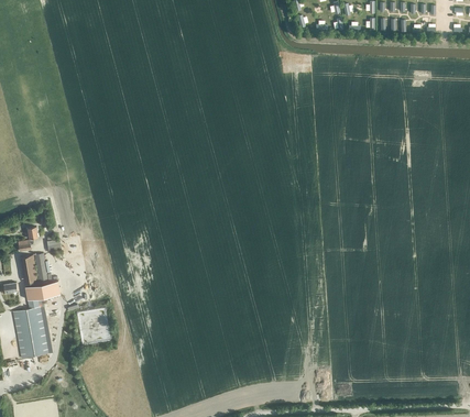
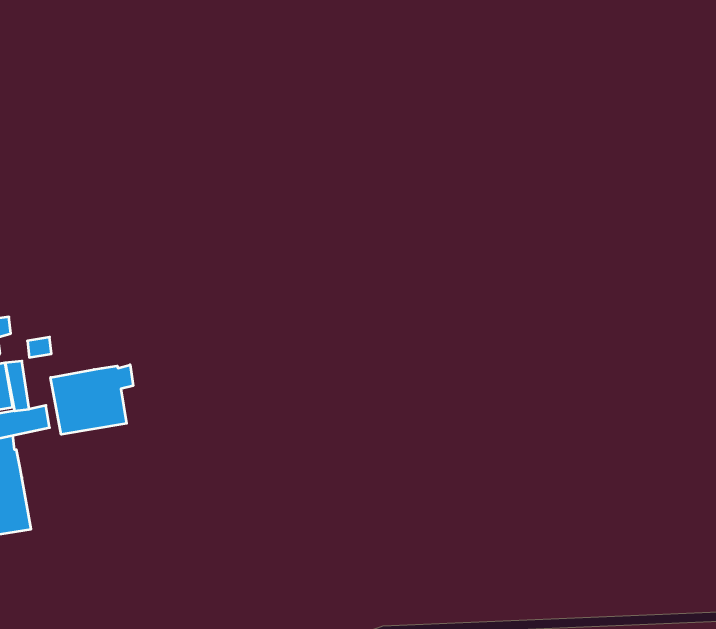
building: none -> [51,365,133,434]

